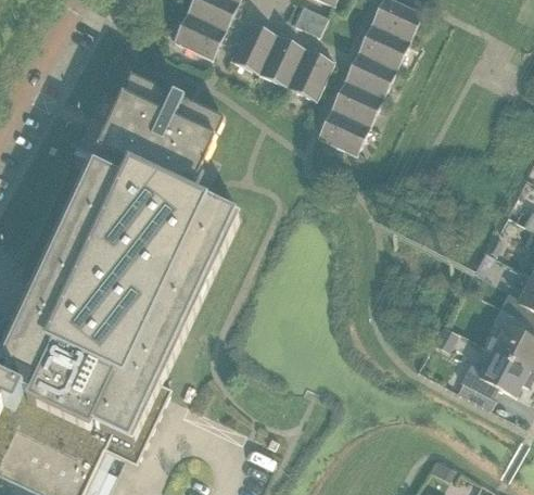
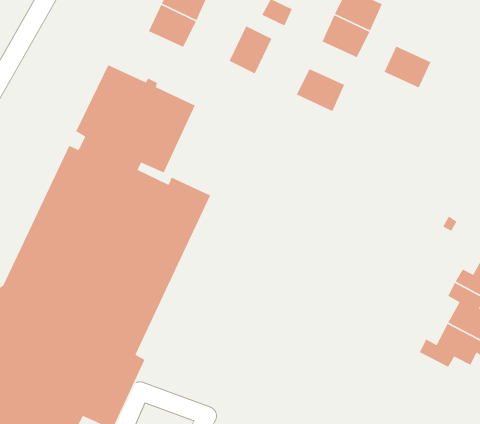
building: [230,22,277,73] -> none
building: [287,49,333,100] -> none
building: [344,52,395,98] -> [383,46,432,88]
building: [317,109,369,155] -> none

